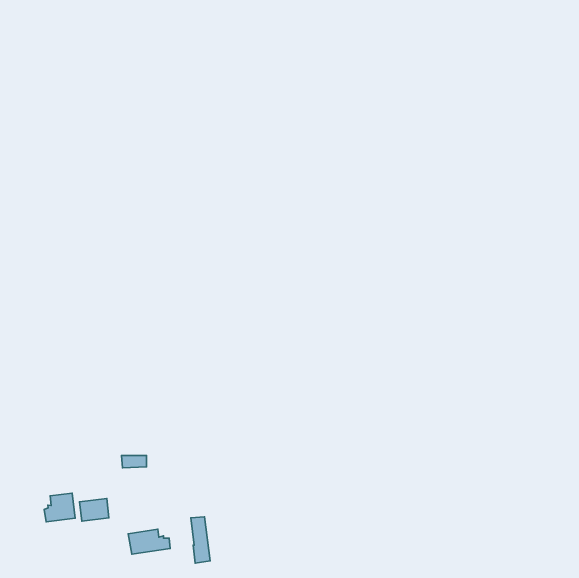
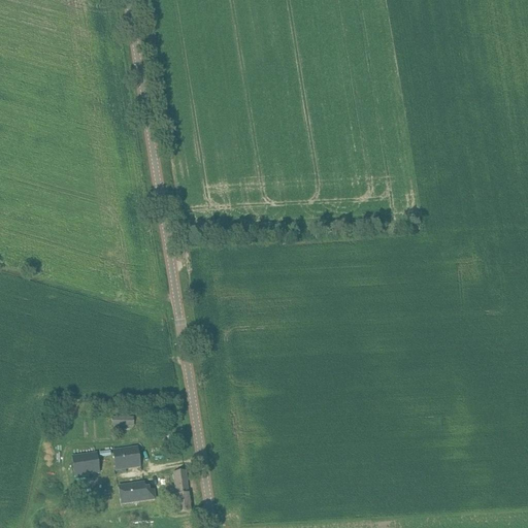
building: none -> [112,446,140,469]
building: [44,493,75,522] -> none

